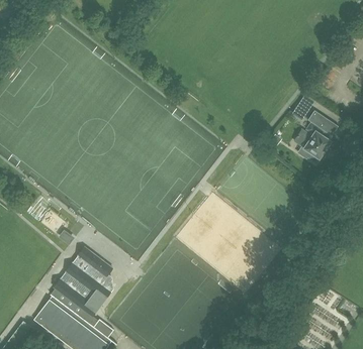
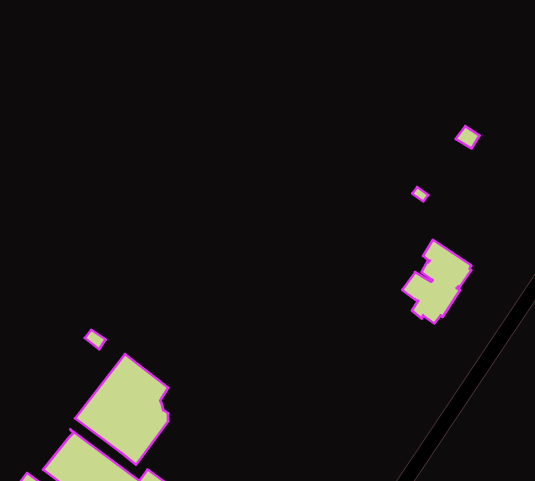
building: [294,109,338,161] -> [402,240,471,323]

